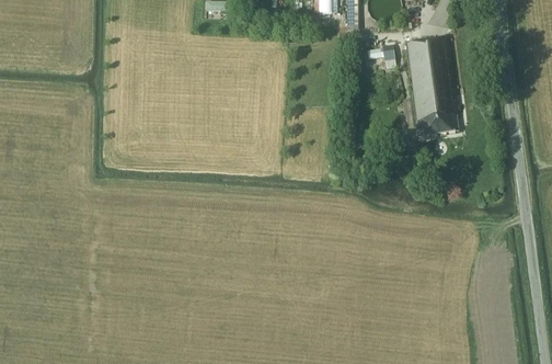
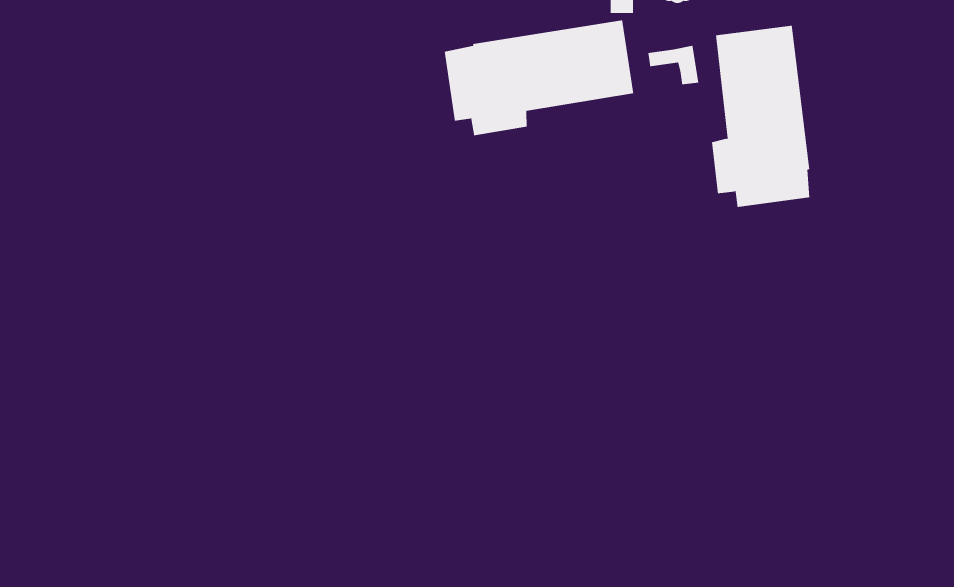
building: none -> [444,20,634,136]

